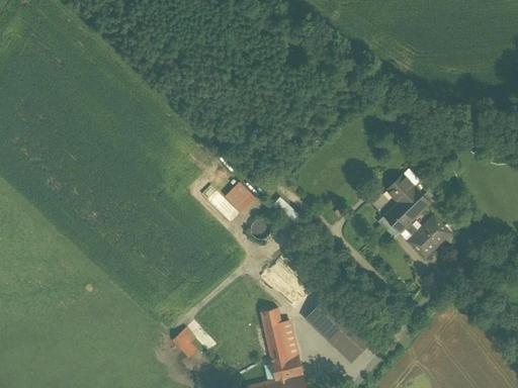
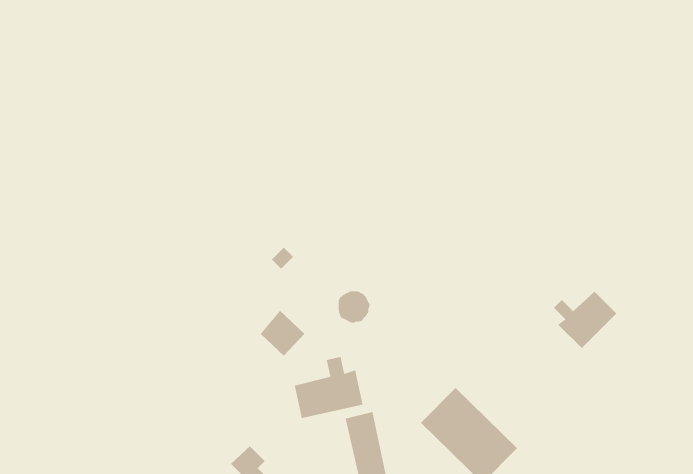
building: [383,177,440,235] -> none
building: [229,183,261,216] -> [260,310,305,357]
building: none -> [294,356,363,419]

